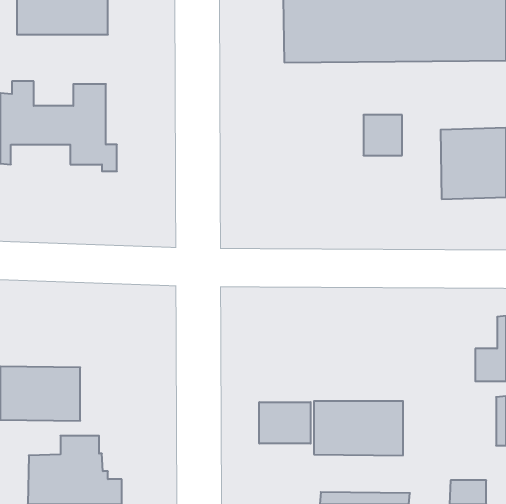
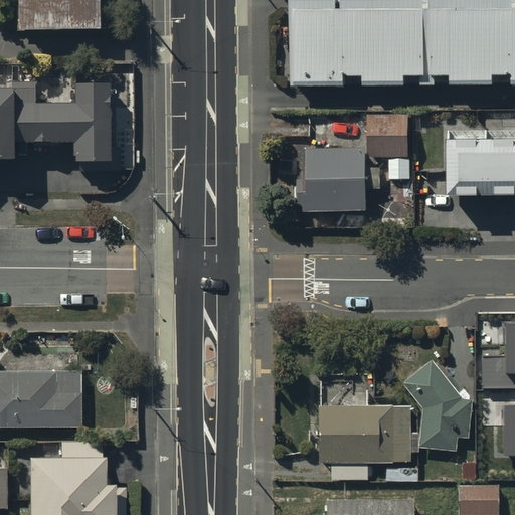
building: none -> [306,151,366,213]
building: none -> [405,365,468,451]
building: [259,402,311,444] -> none

